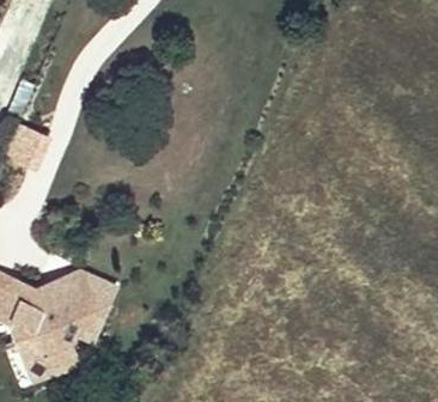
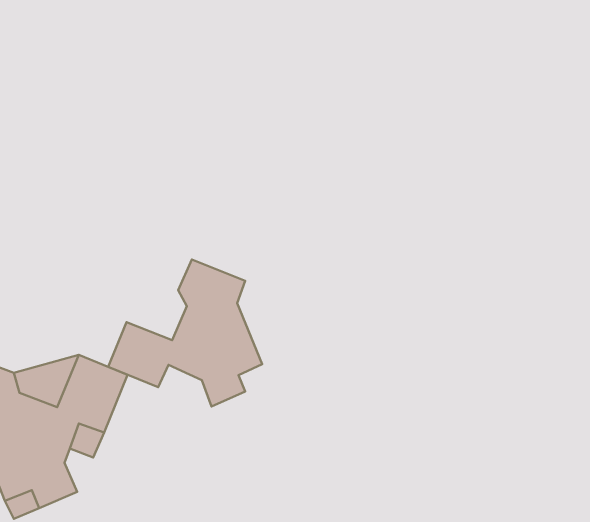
building: none -> [108,259,262,406]

